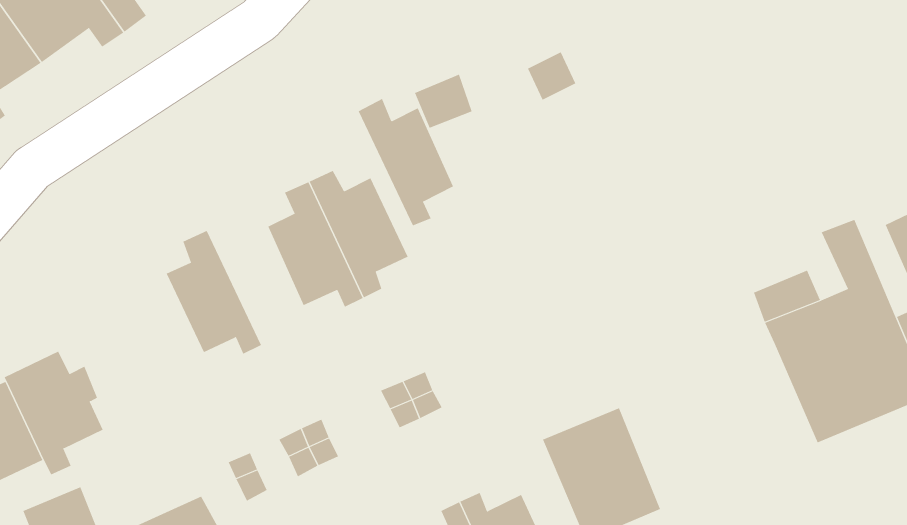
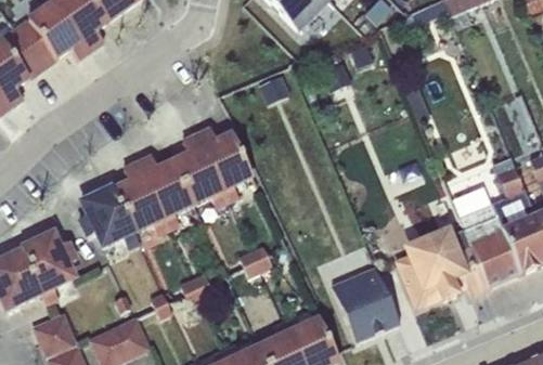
building: [358,98,454,226] -> [138,156,193,230]
building: none -> [76,186,141,250]
building: none -> [397,226,489,304]

